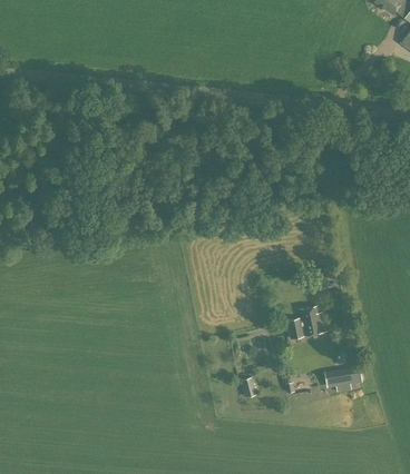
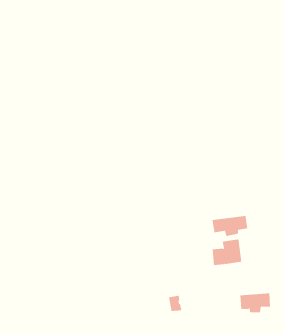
building: none -> [212,215,248,237]

